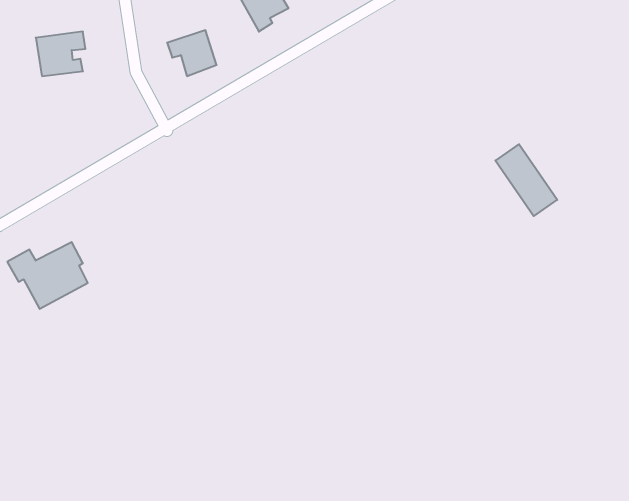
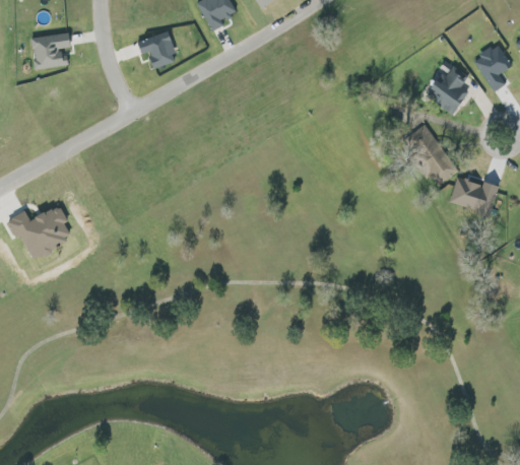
building: none -> [472,45,511,92]
building: none -> [430,65,467,114]
building: none -> [449,175,499,215]

